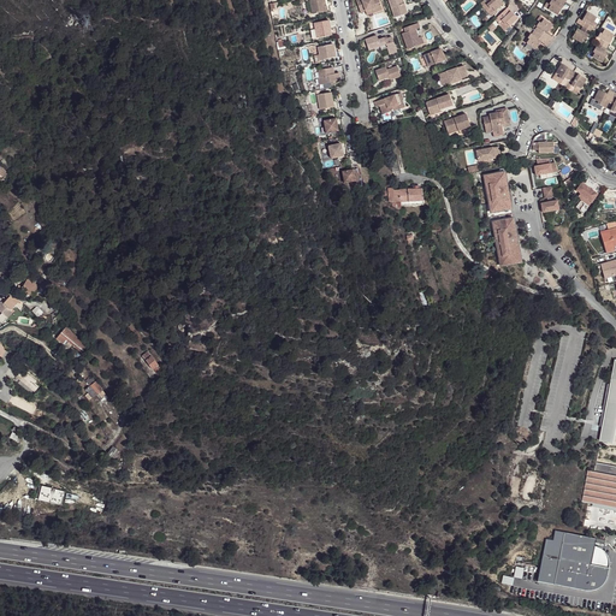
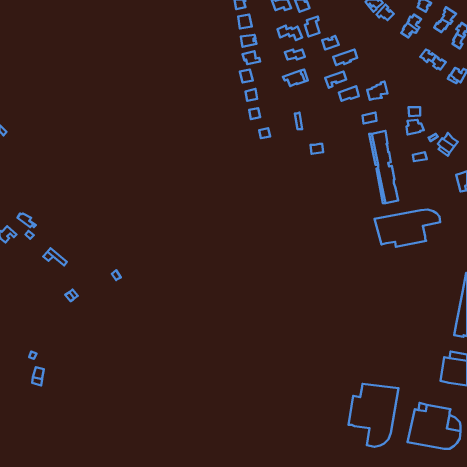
building: none -> [375,209,440,247]
building: none -> [349,384,399,447]

